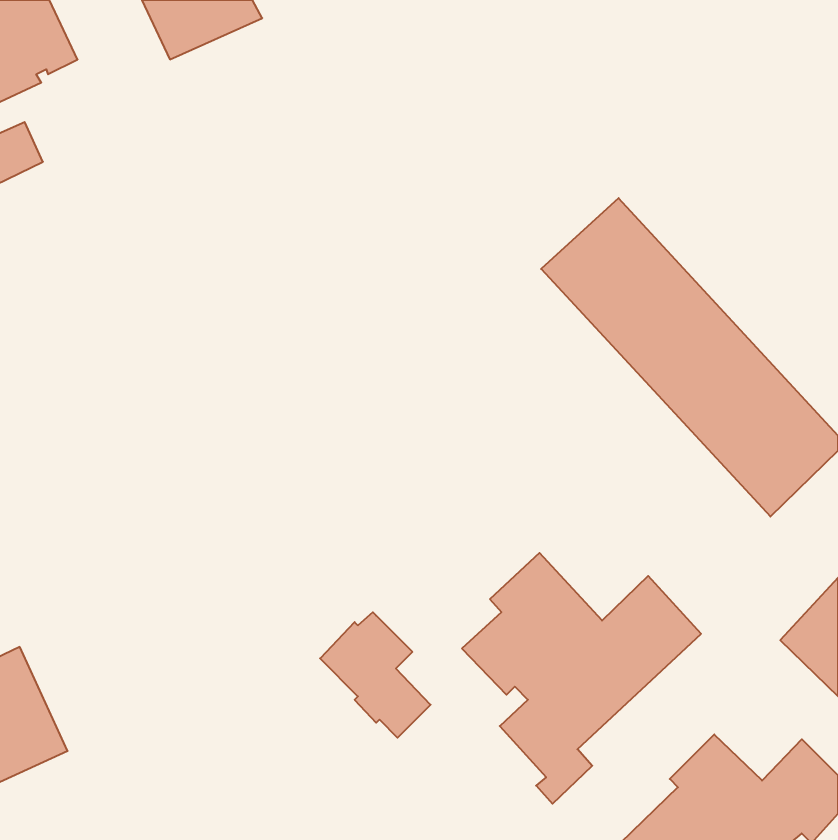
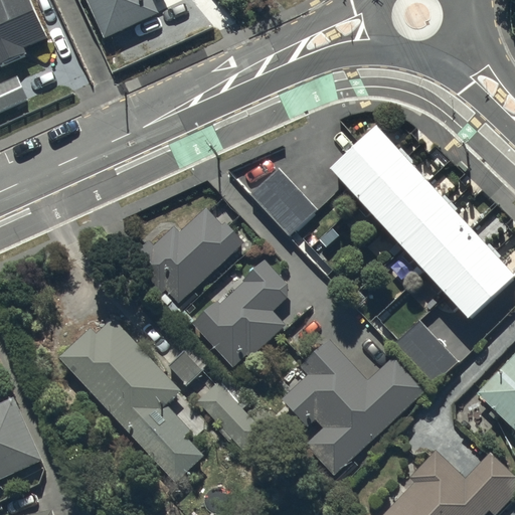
building: none -> [248,167,317,235]
building: none -> [126,207,243,303]
building: none -> [191,260,287,368]
building: none -> [57,317,203,483]
building: none -> [389,319,457,387]

